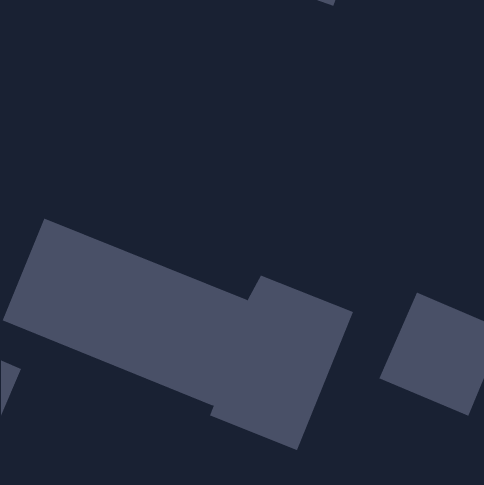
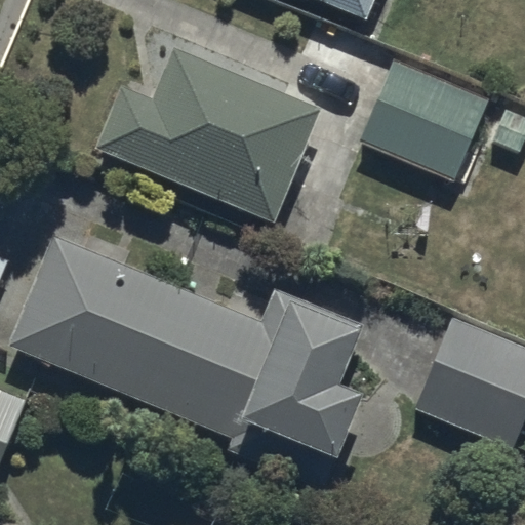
building: none -> [99,47,320,219]
building: none -> [357,55,489,183]

